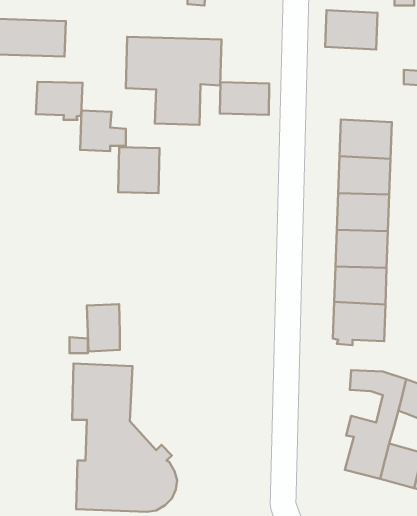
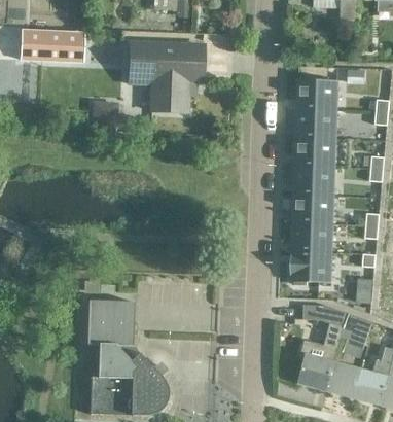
building: [325,10,377,50] -> [296,79,337,110]
building: [36,82,83,120] -> none
building: [220,82,269,115] -> none
building: [118,147,159,193] -> none
building: [87,304,120,352] -> none

